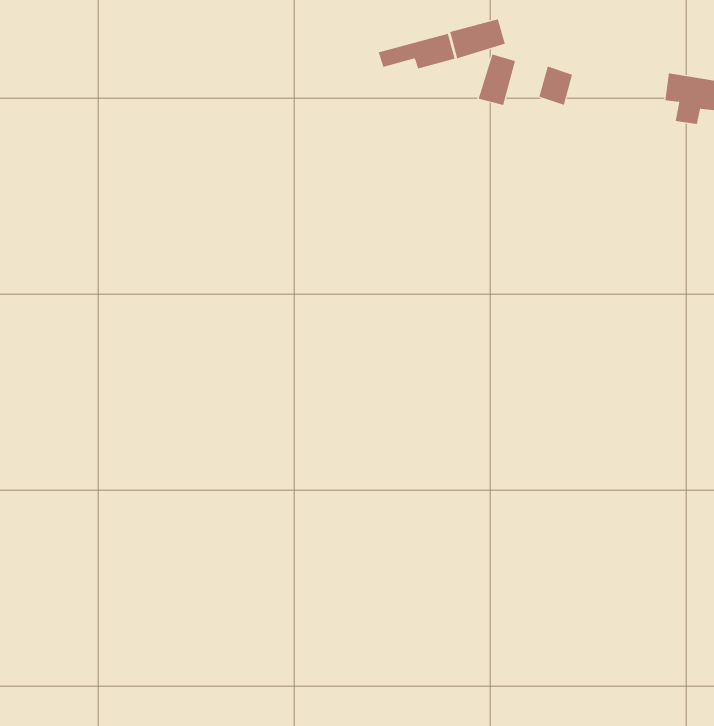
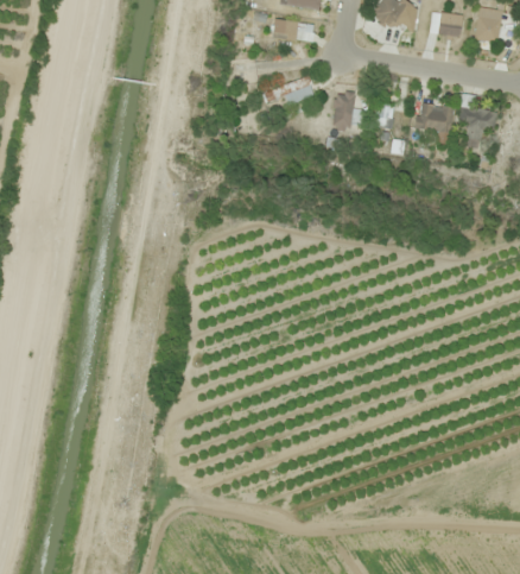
building: [450,18,505,59] -> none
building: none -> [416,101,455,134]

